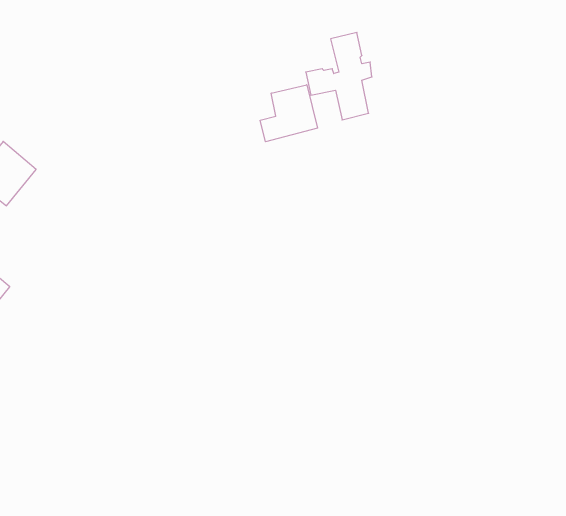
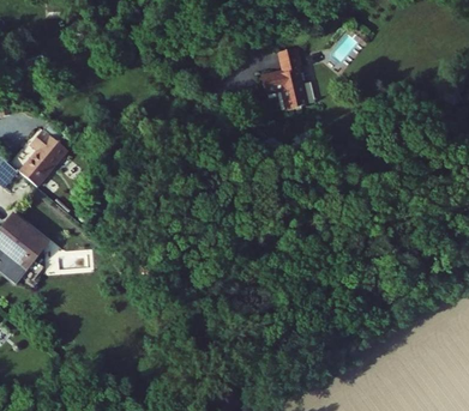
building: [260,85,318,142] -> none

